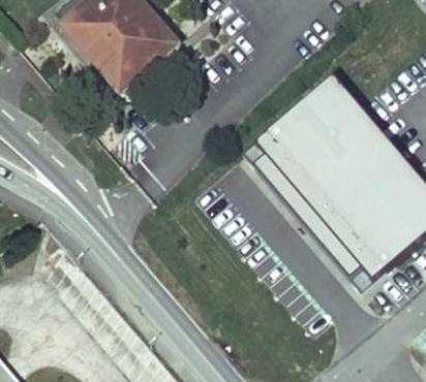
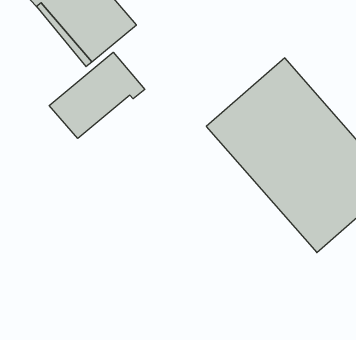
building: none -> [49,52,145,138]

